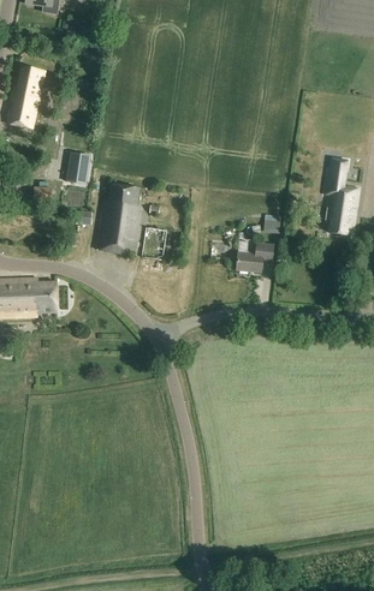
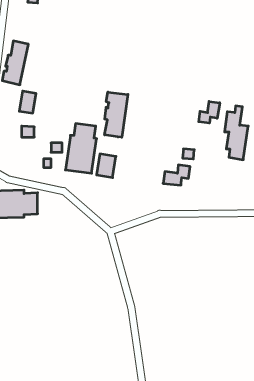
building: none -> [105,92,128,137]
building: none -> [199,101,220,123]
building: [66,151,90,183] -> [19,91,36,113]

